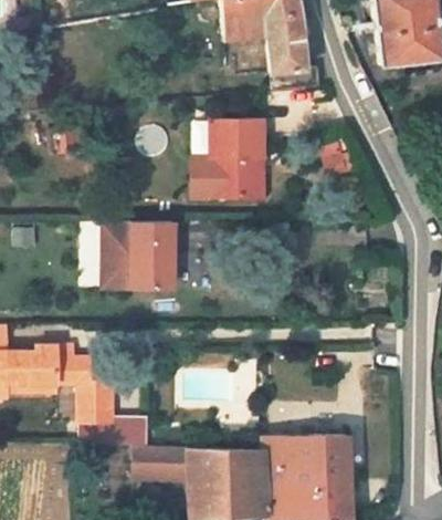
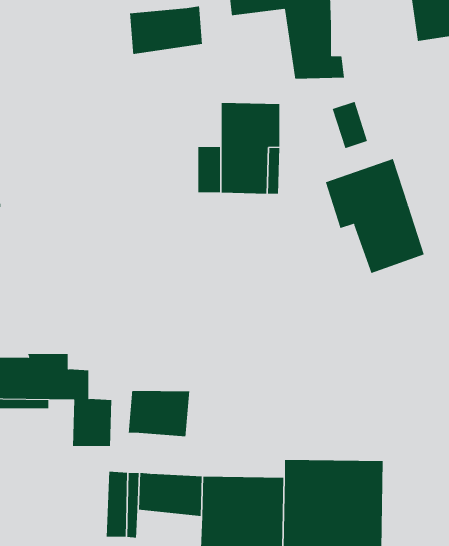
building: none -> [129,5,203,55]
building: none -> [325,158,424,274]
building: [97,225,167,294] -> none
building: none -> [128,390,190,437]

